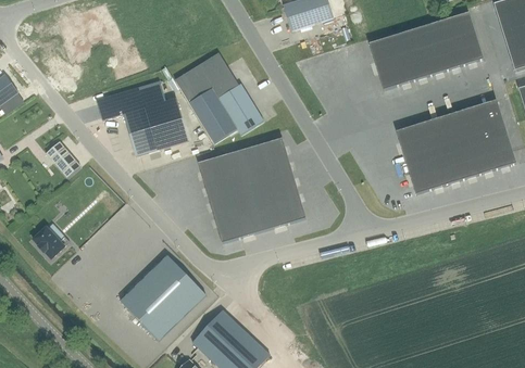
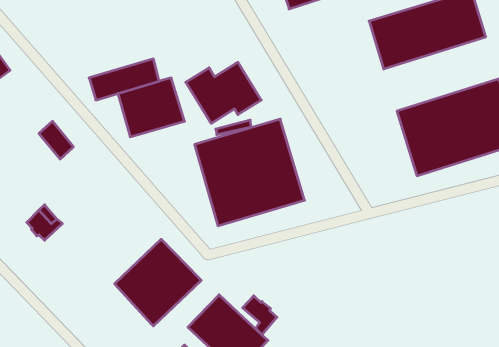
building: [176,52,239,102] -> none
building: none -> [243,296,277,335]

